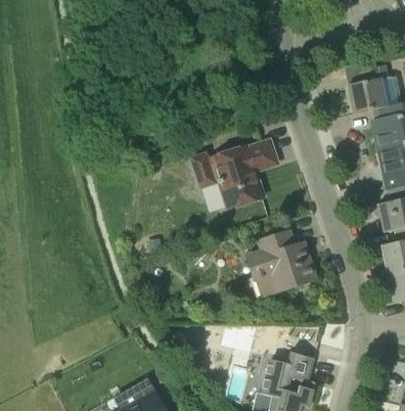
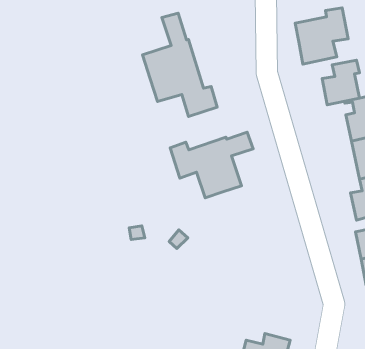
building: none -> [295,8,348,64]
building: none -> [142,13,217,116]
building: [244,231,315,296] -> none

